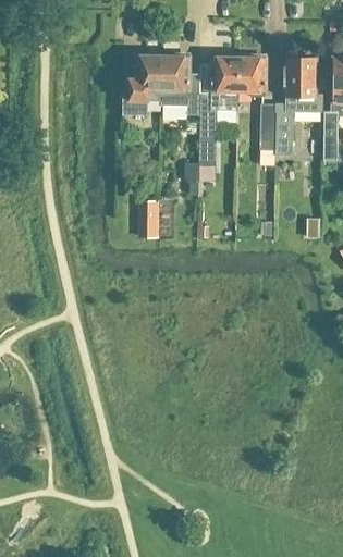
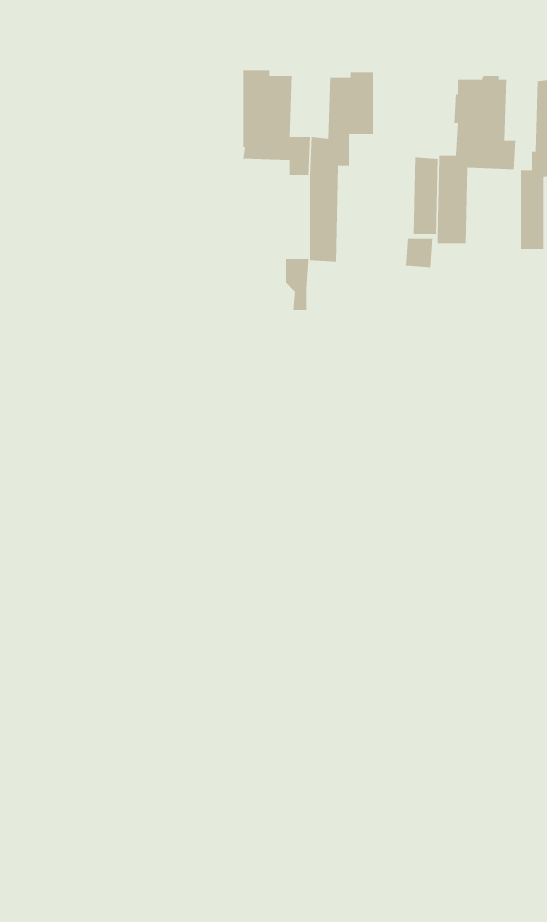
building: [123,52,160,114] -> none
building: [237,54,266,97] -> none
building: [139,202,159,237] -> none

